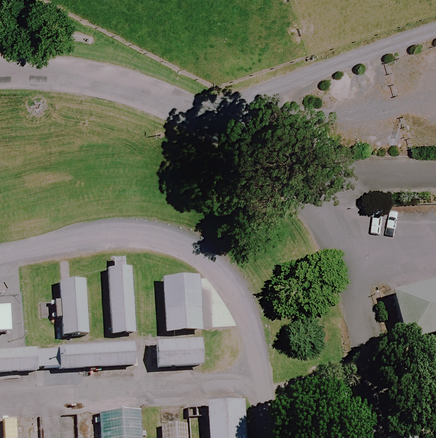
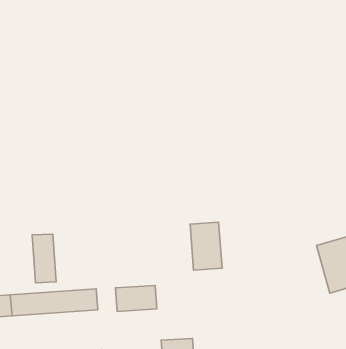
building: [109,264,136,333] -> none
building: [164,275,201,330] -> [190,222,222,270]

